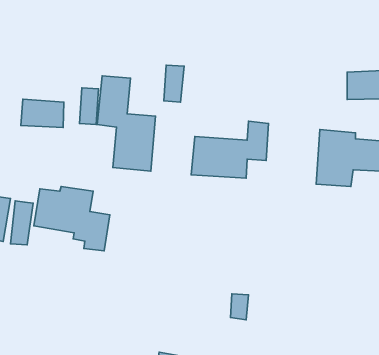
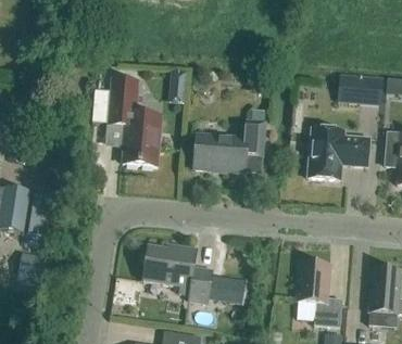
building: [21,99,64,128] -> none
building: [34,186,110,251] -> [142,244,212,303]
building: none -> [297,263,341,327]

